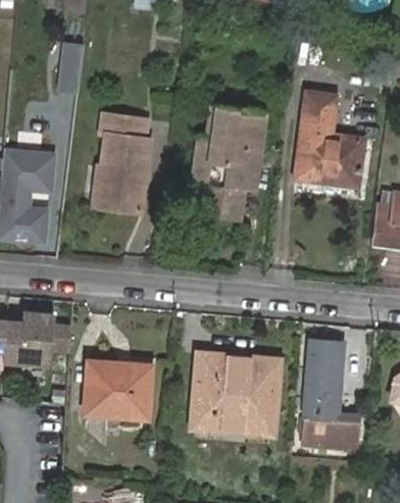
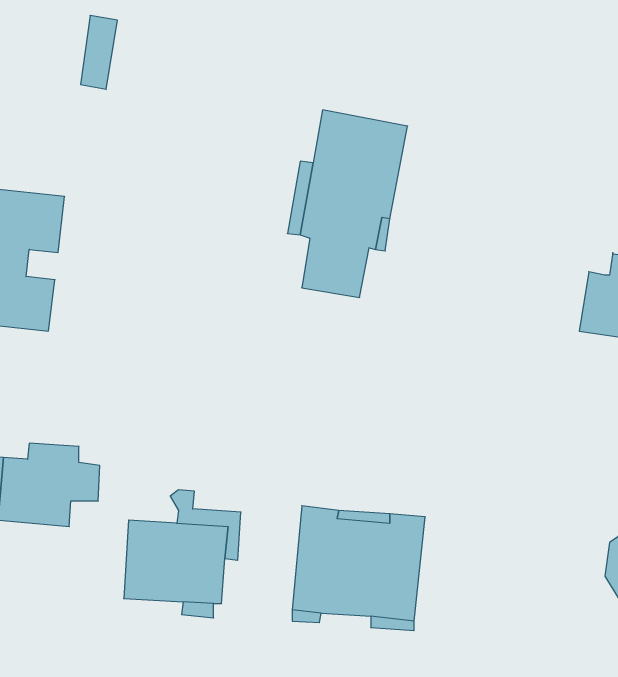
building: [295,92,362,182] -> none
building: [102,115,157,215] -> none
building: [302,339,360,450] -> none

